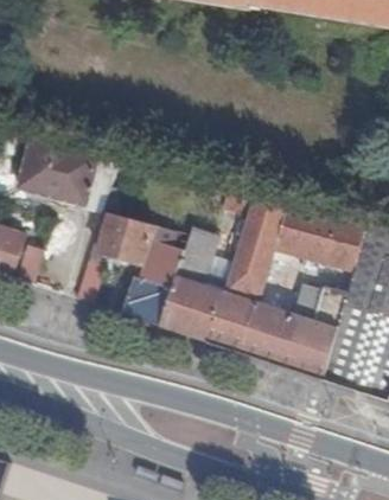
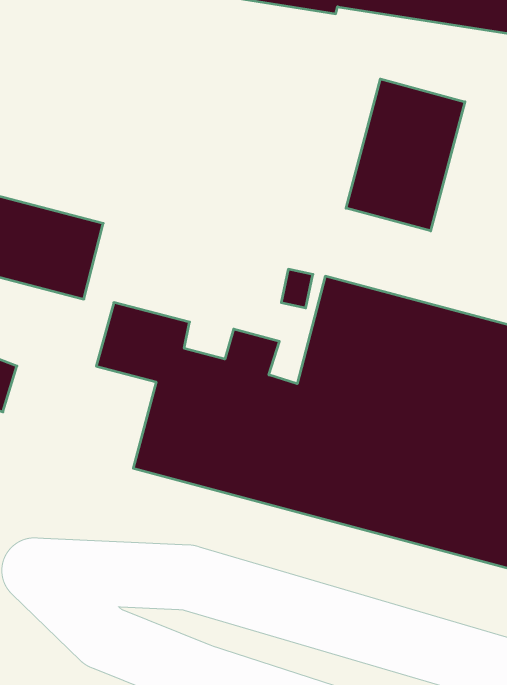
building: none -> [346,79,465,231]

